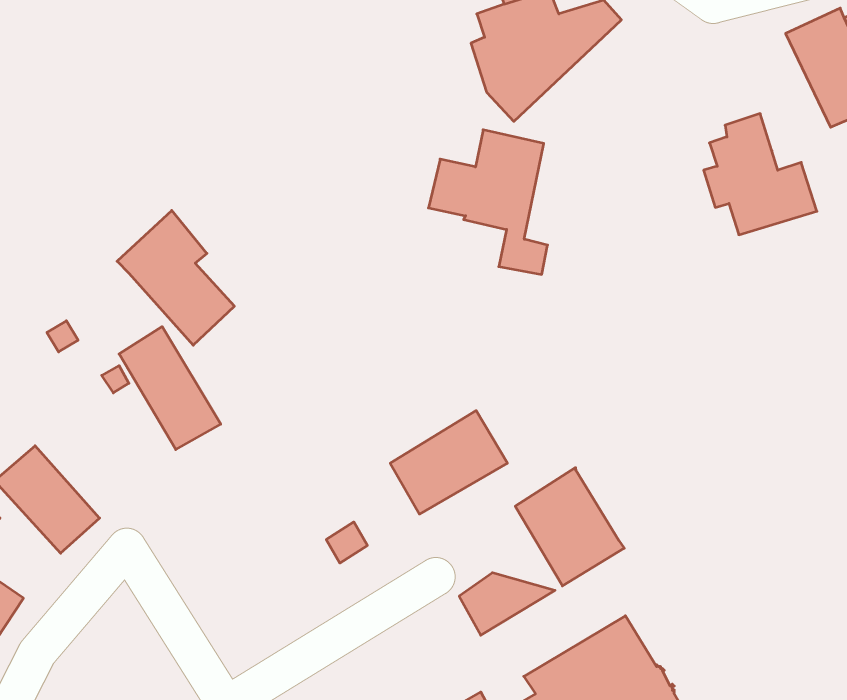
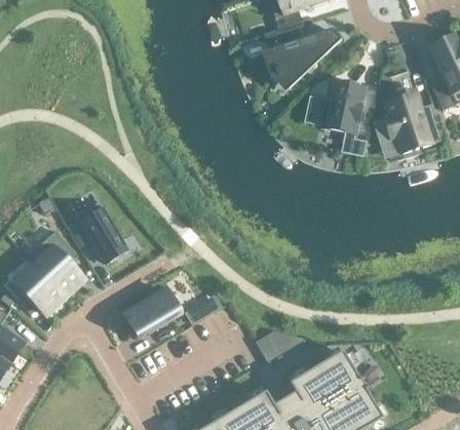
building: [428,130,548,274] -> [303,80,366,156]
building: [117,210,234,345] -> [26,230,87,301]
building: [390,411,507,514] -> [121,286,183,341]
building: [515,468,624,586] -> none

